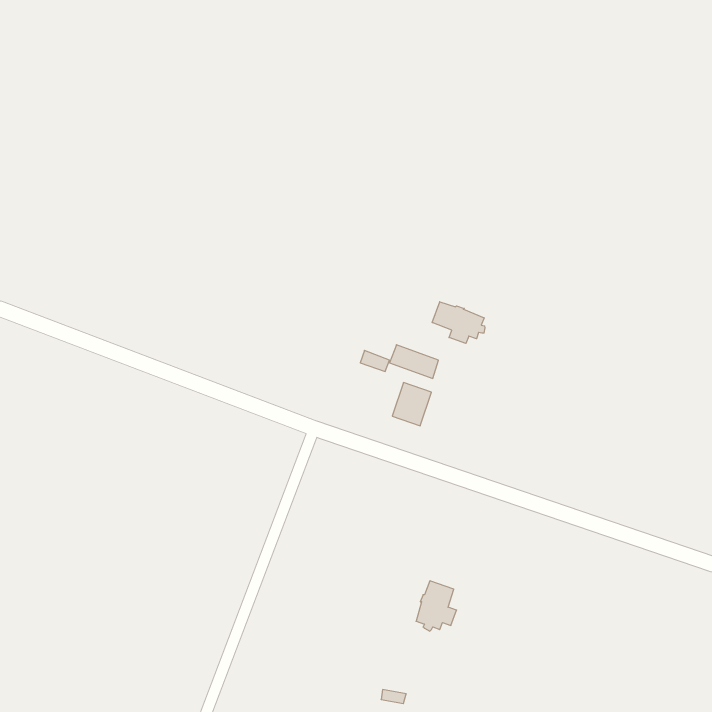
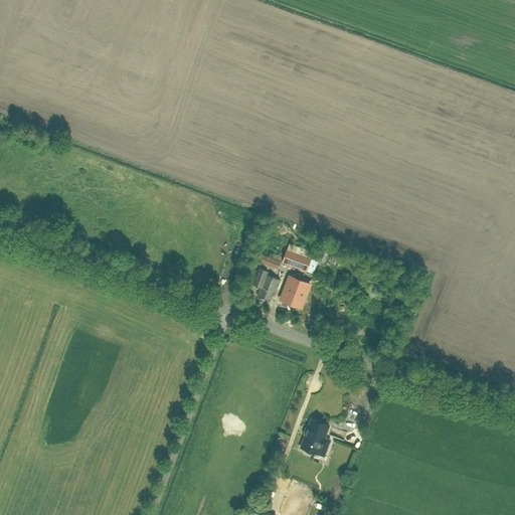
building: [432,302,485,343] -> none
building: none -> [252,269,279,299]

